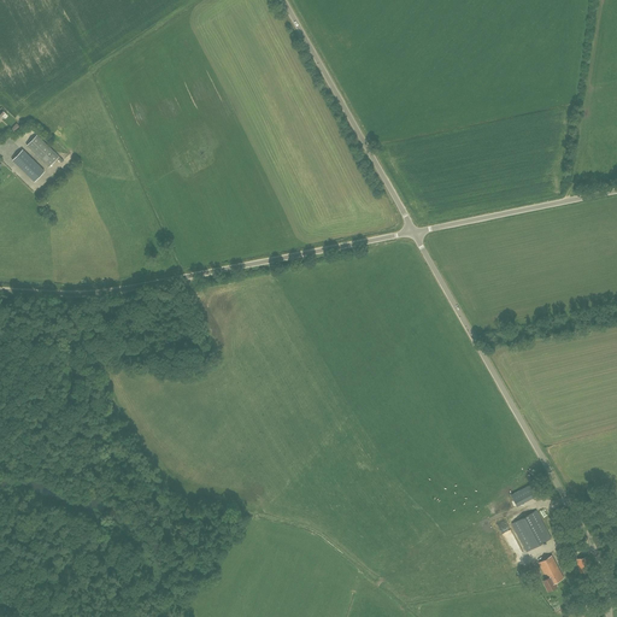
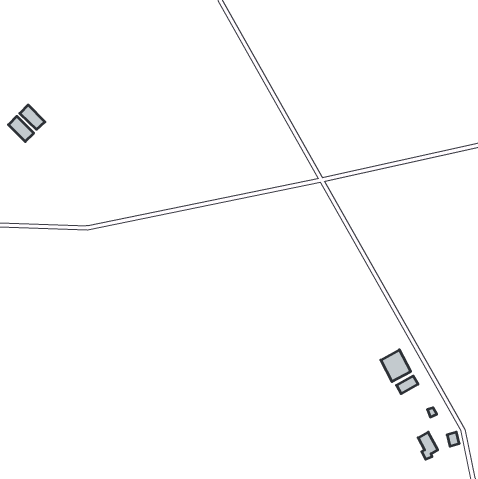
building: [511,511,550,552] -> [381,350,411,382]

